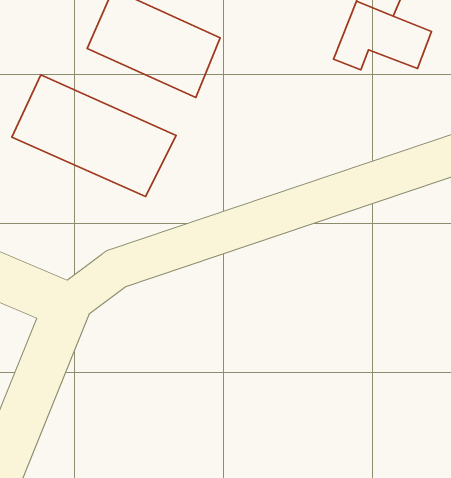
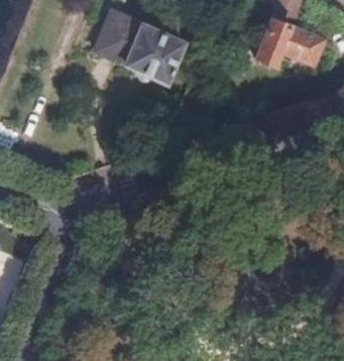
building: [12,75,176,197] -> none

